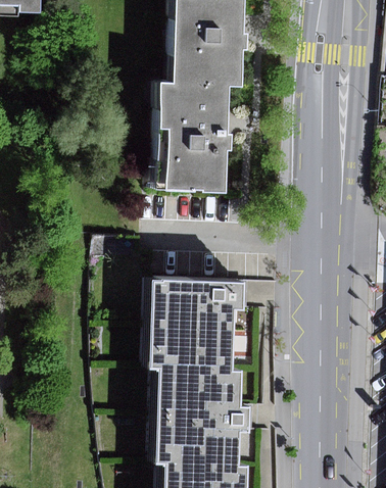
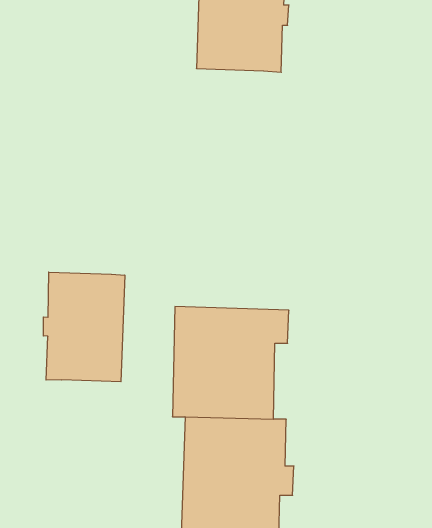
building: [159,87,232,194] -> none
building: none -> [43,272,125,382]

